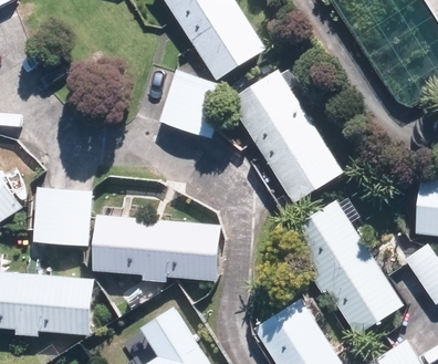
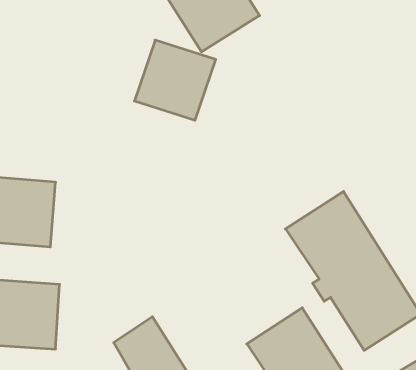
building: [227,70,343,204] -> none
building: [92,215,221,282] -> none

